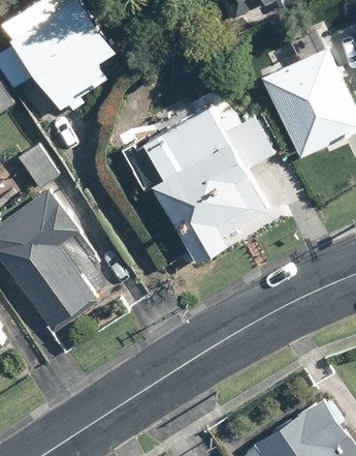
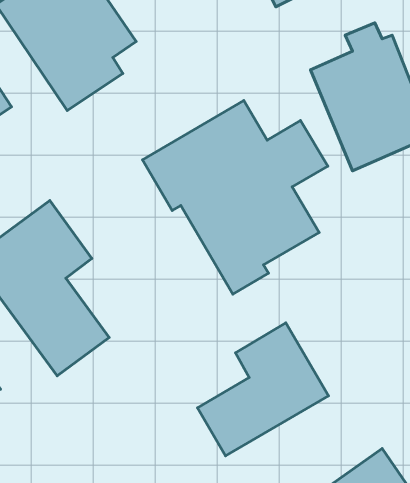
building: none -> [198,323,329,456]

